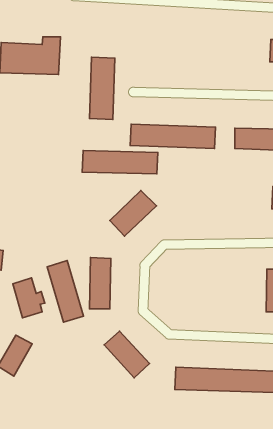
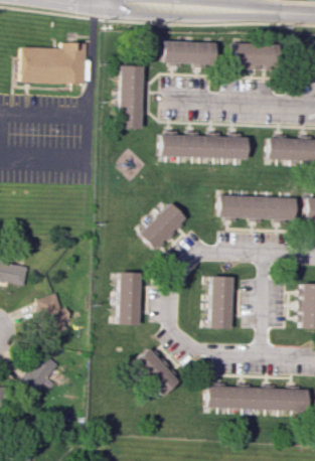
building: none -> [162,41,215,64]
building: none -> [232,43,279,68]
building: [82,151,158,174] -> [217,195,296,219]
building: [47,261,84,322] -> none
building: none -> [209,276,233,329]

